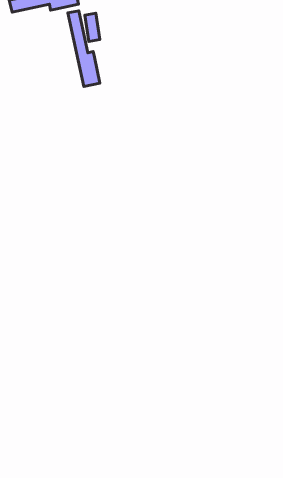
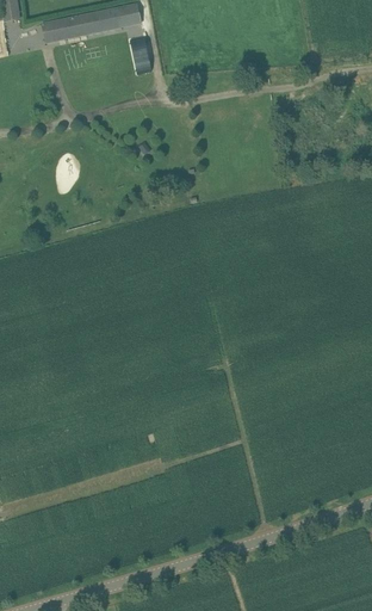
building: [68,11,100,87] -> none

